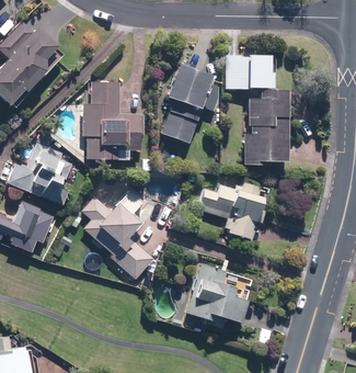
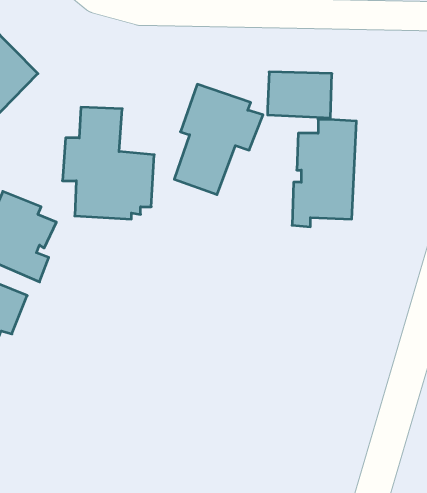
building: [203,183,260,239] -> none
building: [73,190,152,278] -> none
building: [186,263,246,324] -> none

